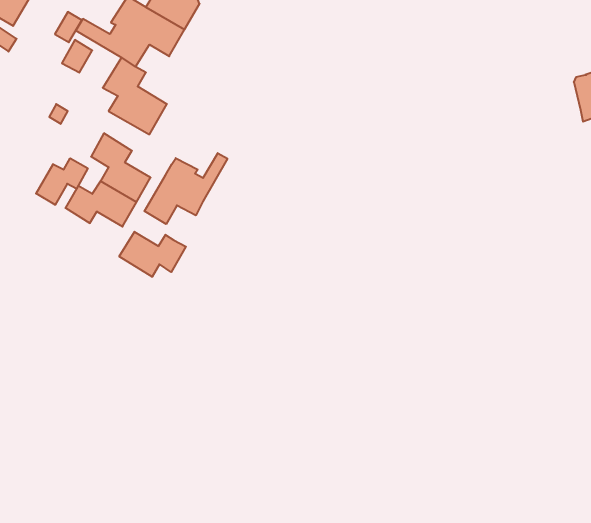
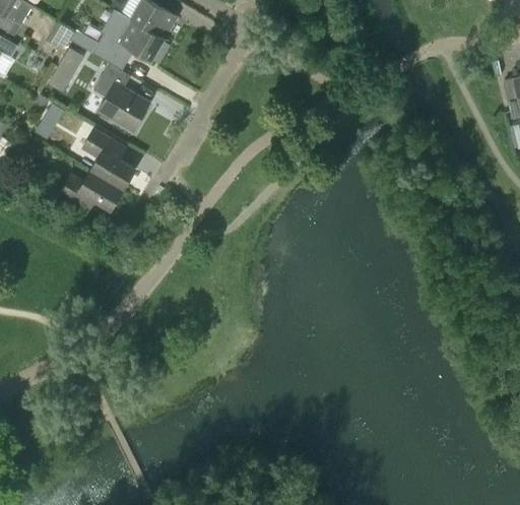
building: [144,153,227,224] -> none
building: [36,158,88,205] -> none
building: [119,232,186,277] -> none

